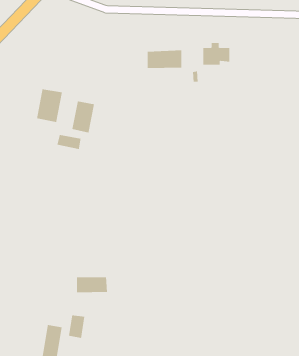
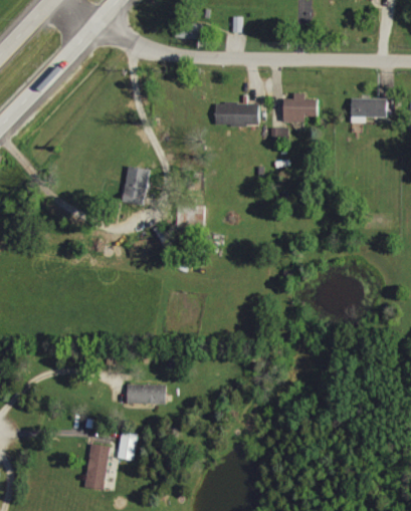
building: none -> [351,98,387,122]
building: [37,89,63,123] -> none
building: [57,134,81,150] -> none

